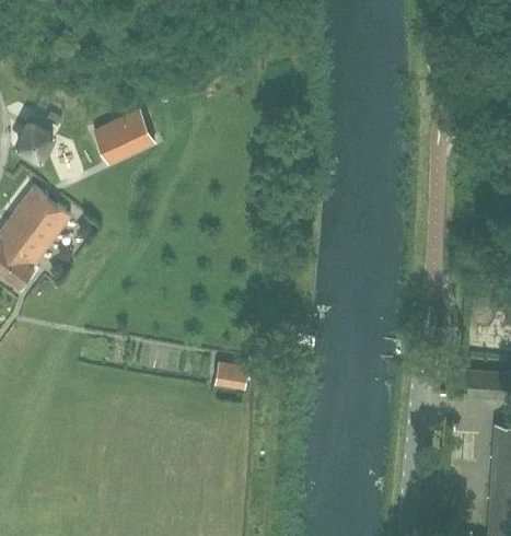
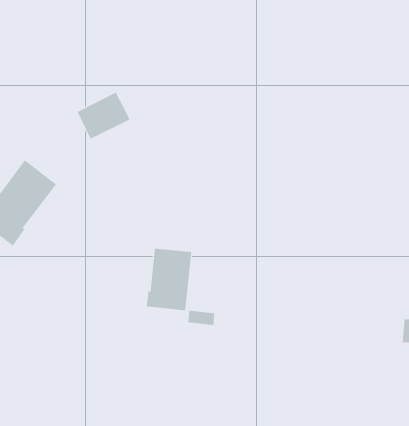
building: [18,123,53,158] -> none
building: none -> [146,248,192,311]

